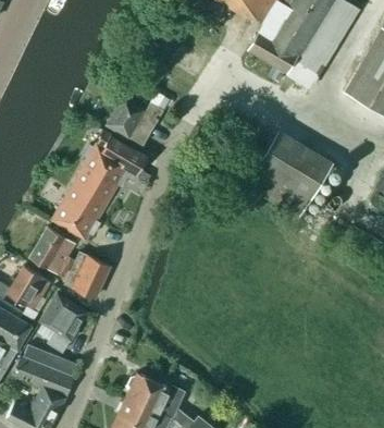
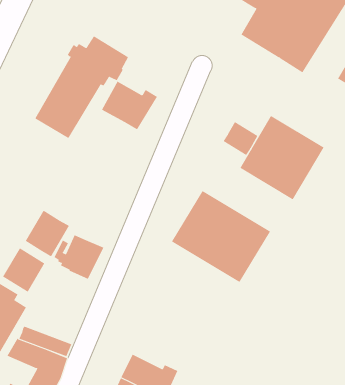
building: [51,135,147,240] -> [34,36,129,139]
building: none -> [223,121,258,156]
building: none -> [171,190,271,283]
building: [38,292,87,352] -> none

